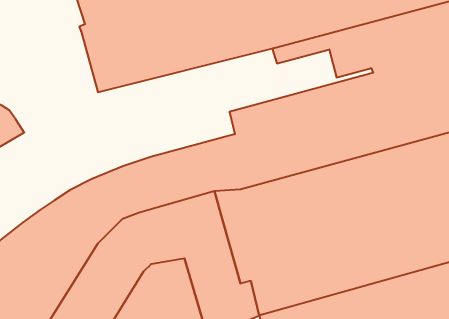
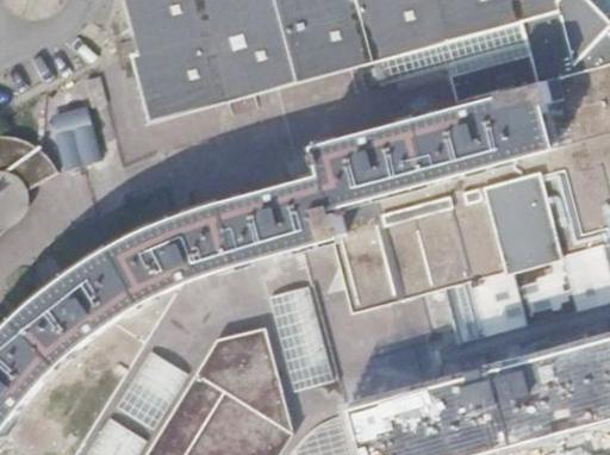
building: none -> [49,104,98,167]

